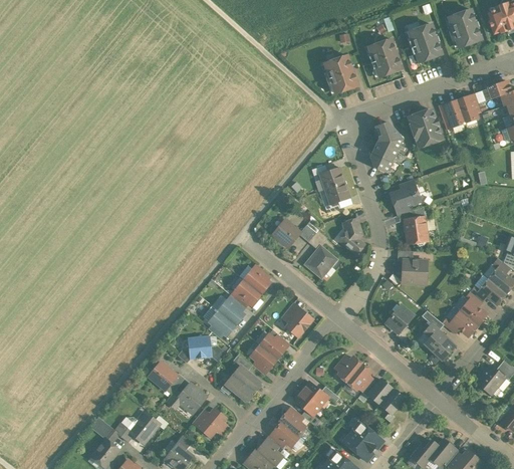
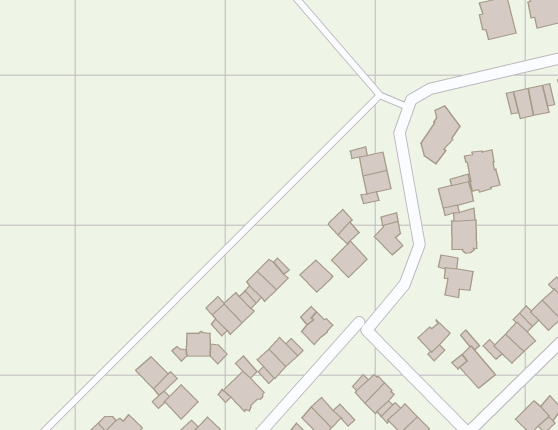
building: [368,39,402,77] -> none
building: [324,55,357,93] -> none
building: [409,109,442,147] -> [464,150,500,192]
building: [272,220,300,247] -> [300,260,333,292]

